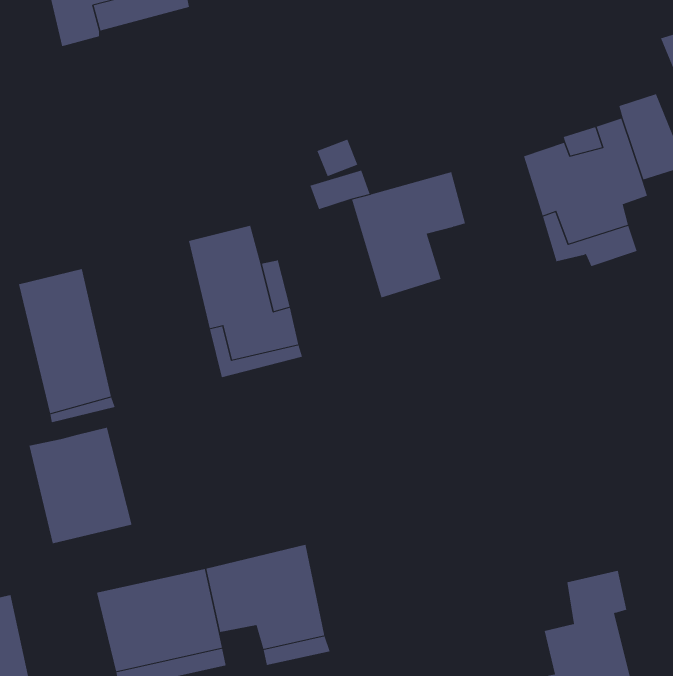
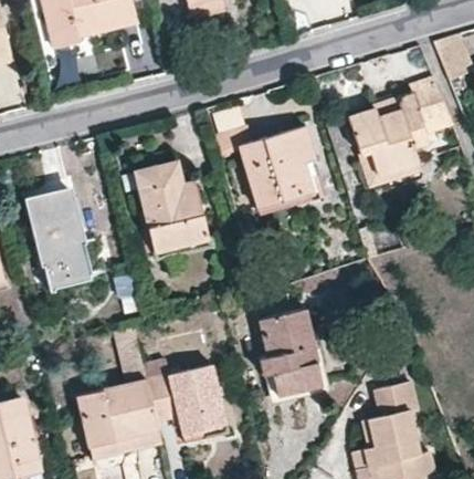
building: none -> [259,163,318,216]
building: [29,427,132,544] -> none
building: none -> [260,311,324,395]

